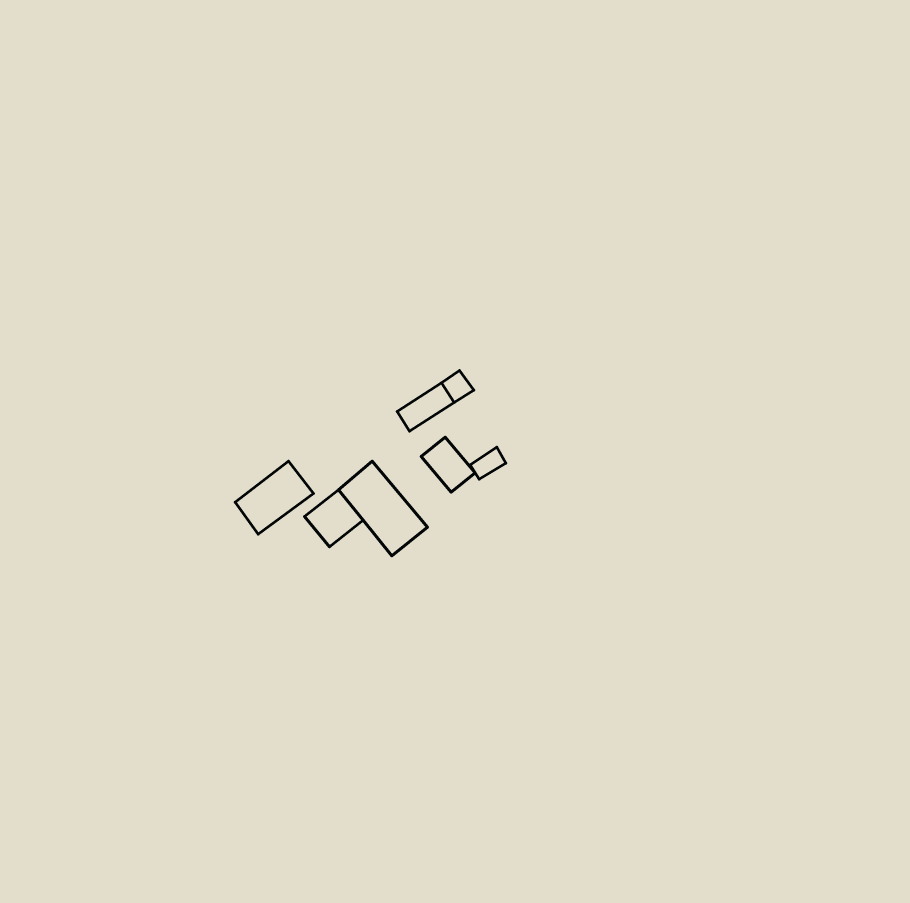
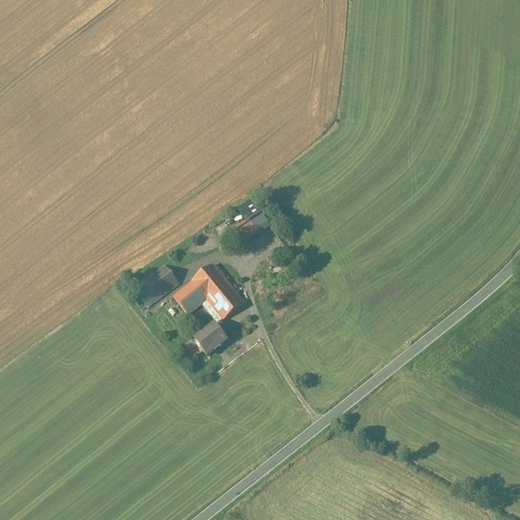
building: [421,437,475,492] -> none
building: none -> [194,323,226,353]

